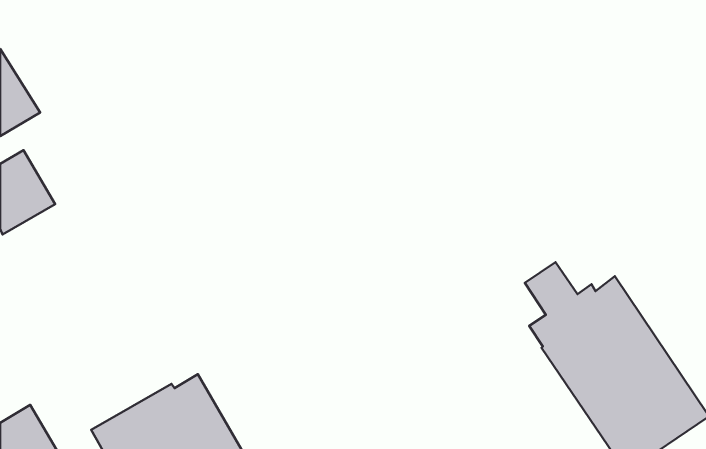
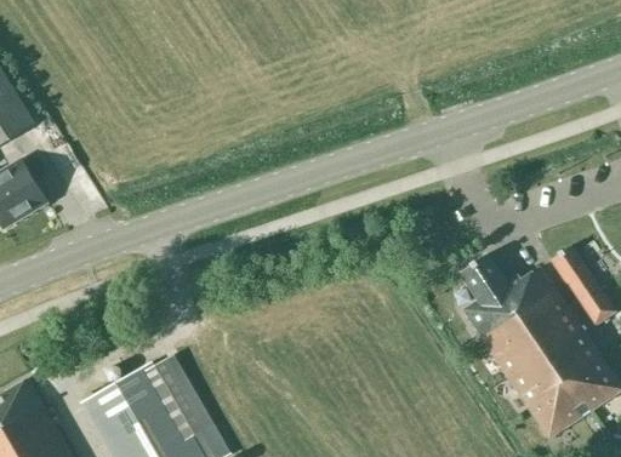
building: none -> [548,249,613,327]

